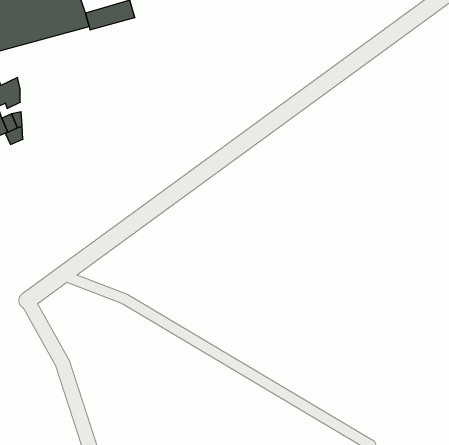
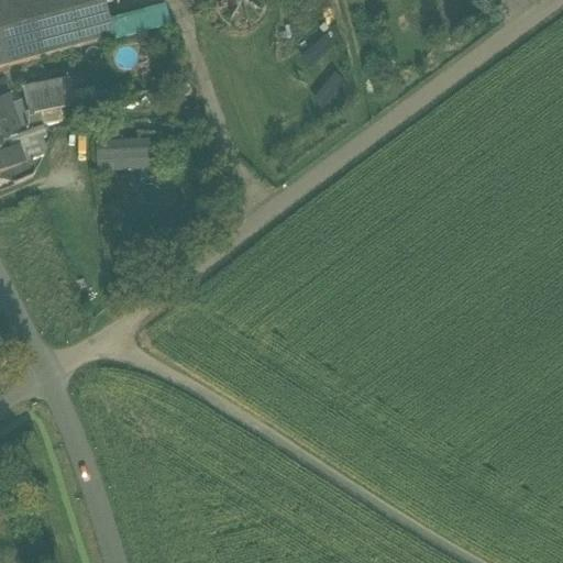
building: none -> [19,75,71,111]
building: none -> [96,139,147,167]

